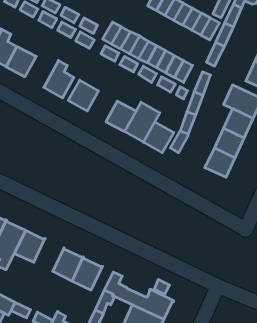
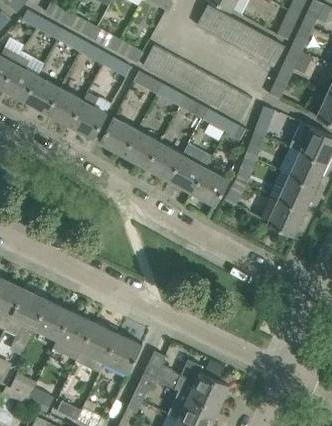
building: none -> [47,88,88,126]
building: none -> [123,130,160,168]
building: none -> [53,312,95,361]

